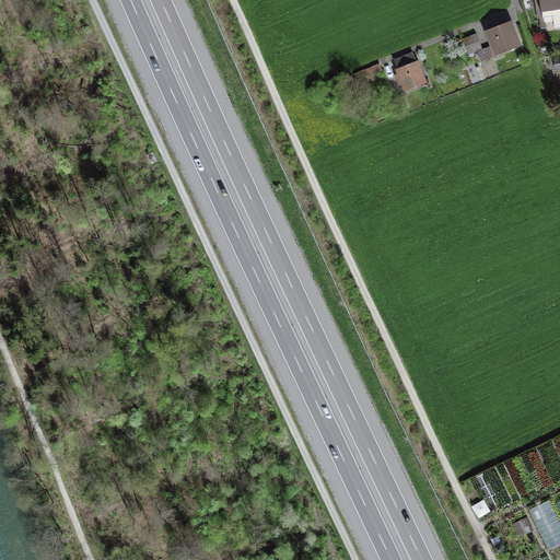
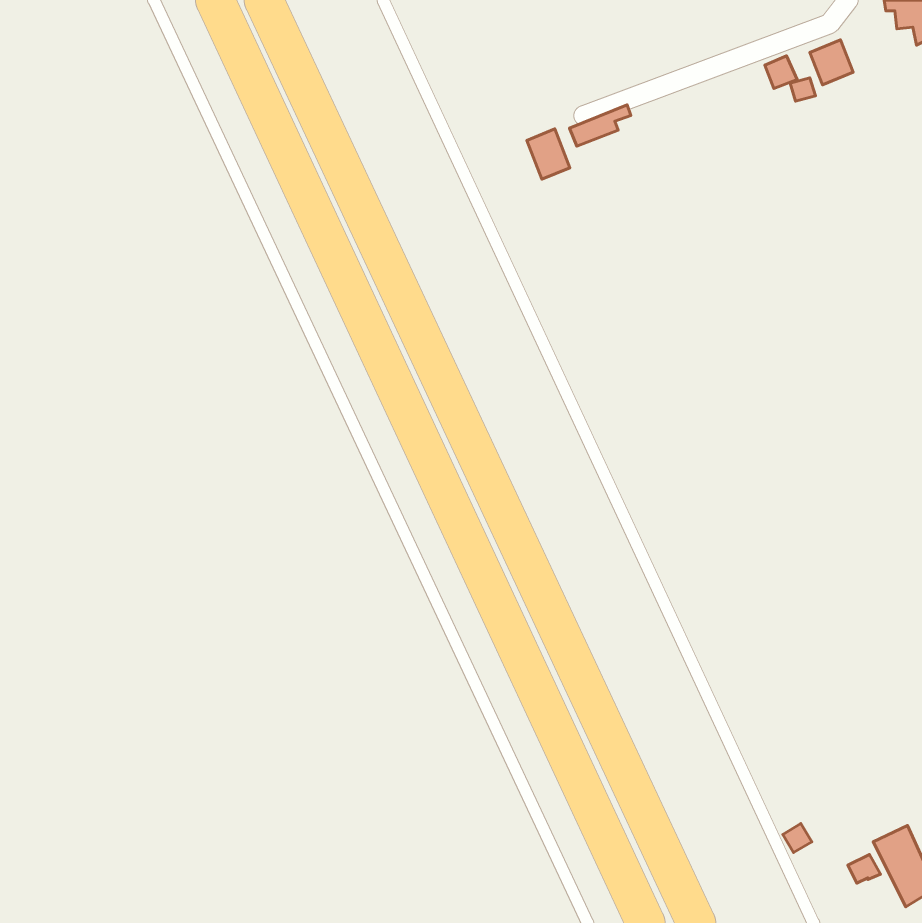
building: [396,52,425,89] -> none
building: none -> [527,129,570,179]

